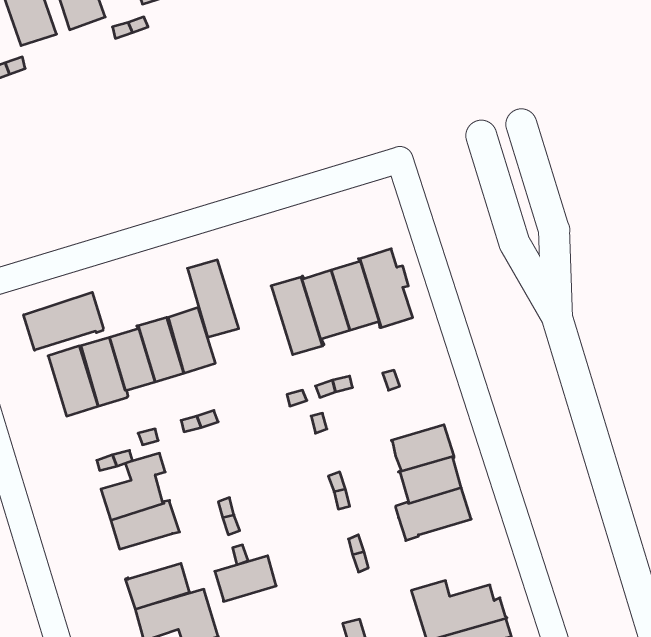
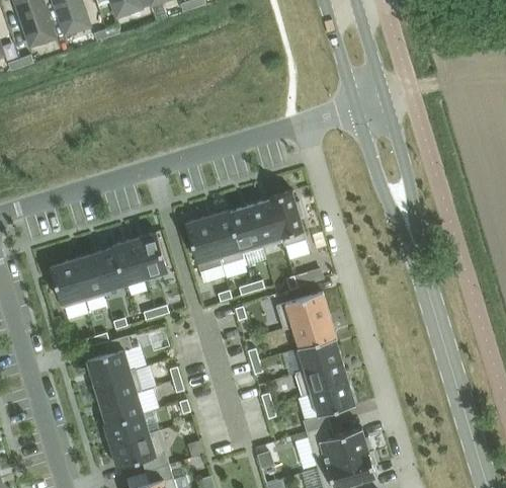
building: [187,260,239,337] -> [185,217,222,271]
building: [24,292,103,350] -> none
building: none -> [275,292,329,330]
building: none -> [303,382,355,432]
building: [215,556,276,601] -> [99,392,143,424]

